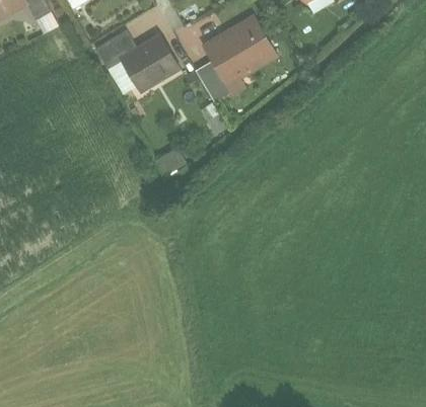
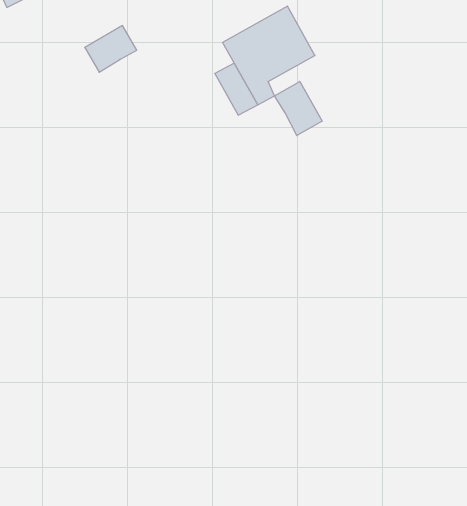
building: [123,36,181,91] -> none
building: none -> [275,81,322,136]

